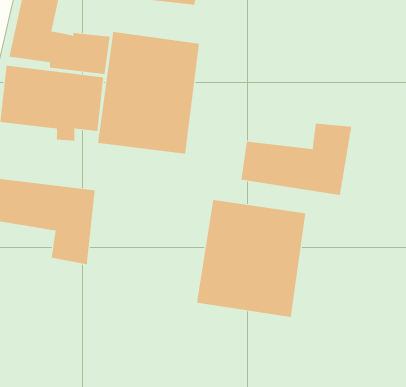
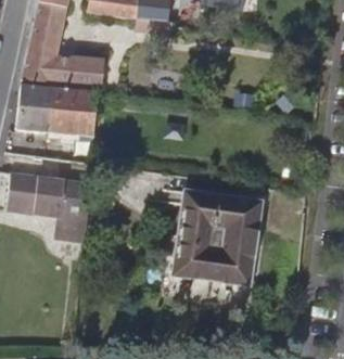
building: [97,31,199,154] -> none
building: [241,123,352,196] -> none

